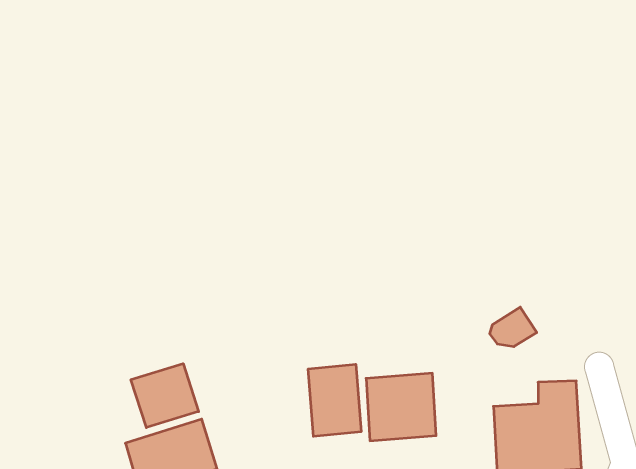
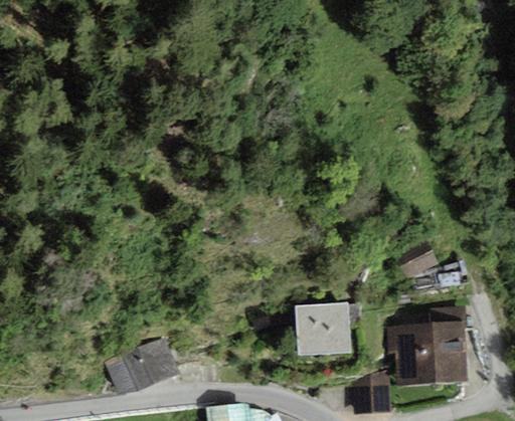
building: [131,364,199,428] -> none
building: [308,364,361,436] -> none

